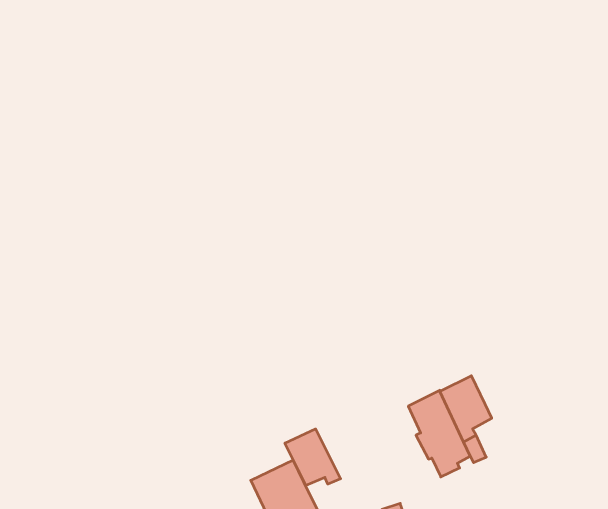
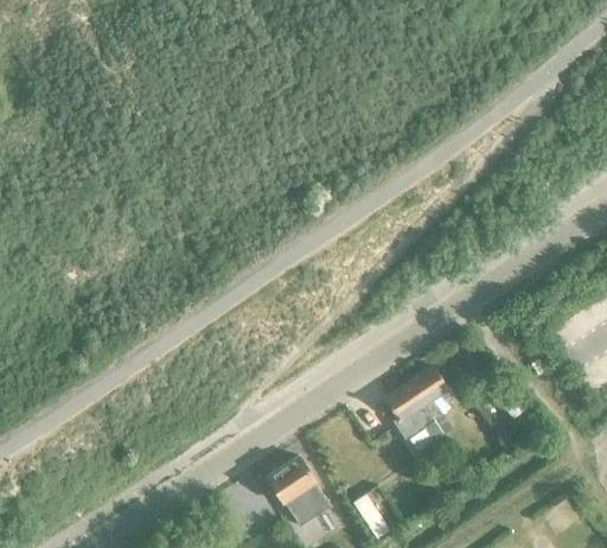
building: [285,429,341,485] -> none

